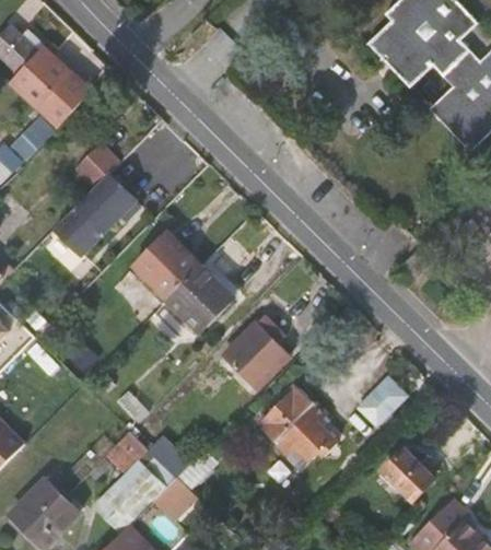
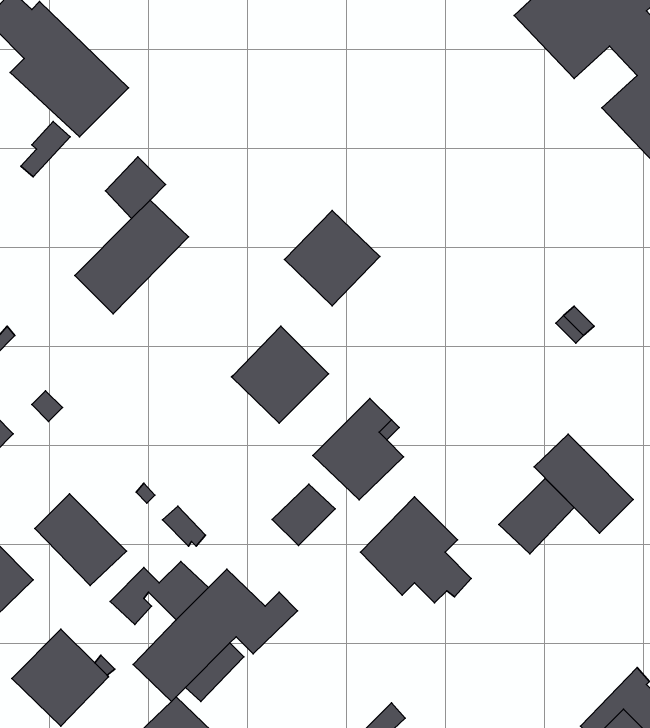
building: [133,231,201,299] -> [285,210,380,306]
building: none -> [534,434,633,533]
building: none -> [272,484,335,546]
building: none -> [35,494,127,586]
building: [378,447,431,500] -> none

